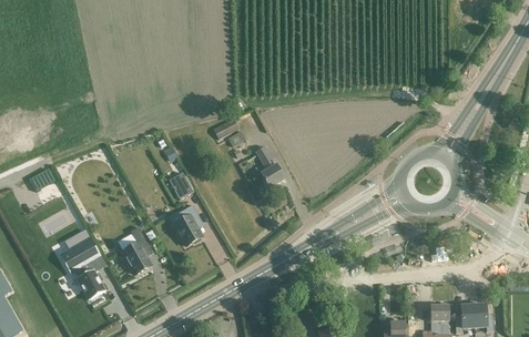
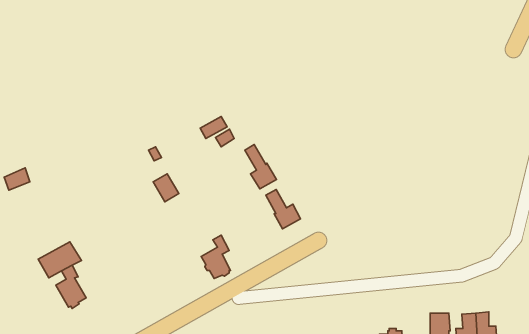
building: none -> [266,190,300,229]
building: [174,204,202,245] -> [201,235,230,279]
building: [123,226,151,274] -> none

